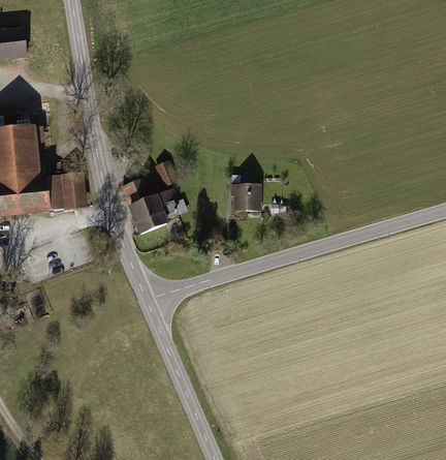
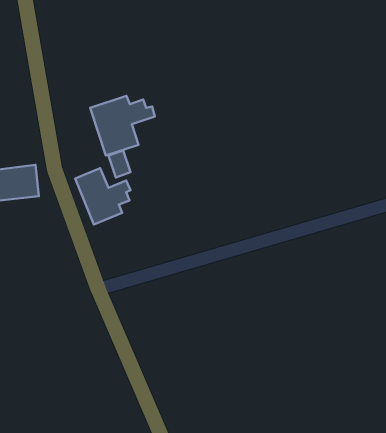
building: none -> [90,96,155,155]
building: [230,184,261,212] -> none

